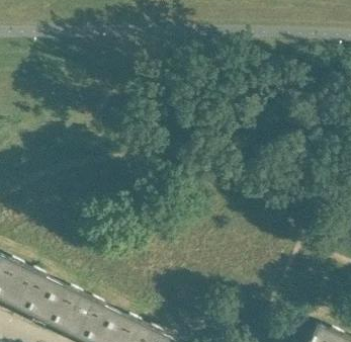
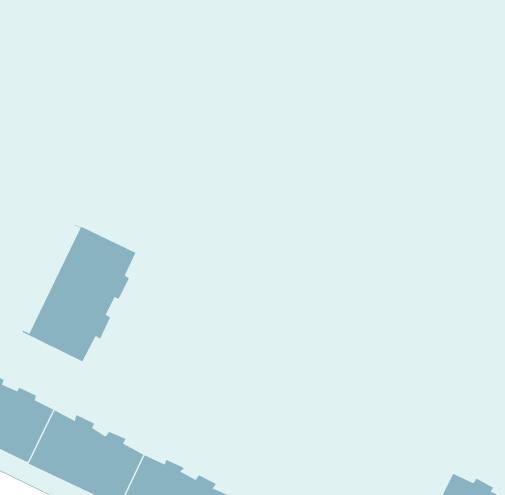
building: none -> [22,224,136,362]

